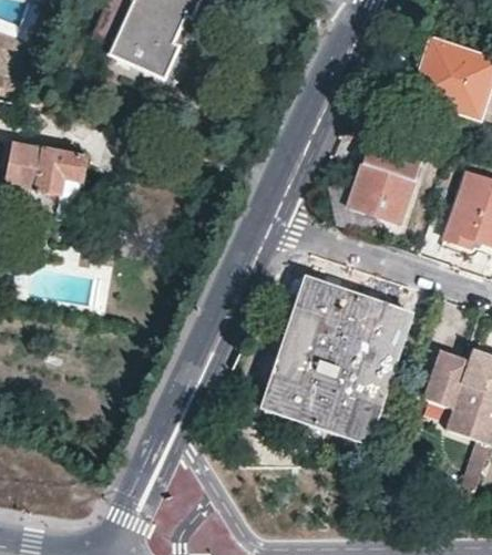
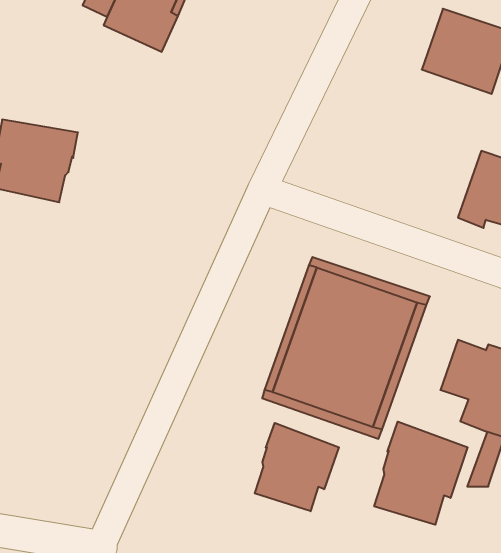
building: [348,140,422,223] -> none
building: none -> [374,422,468,525]
building: none -> [255,423,339,511]

